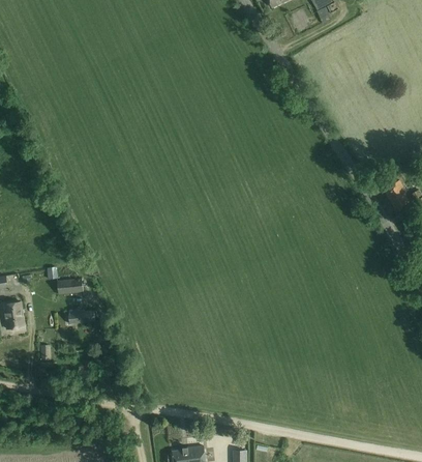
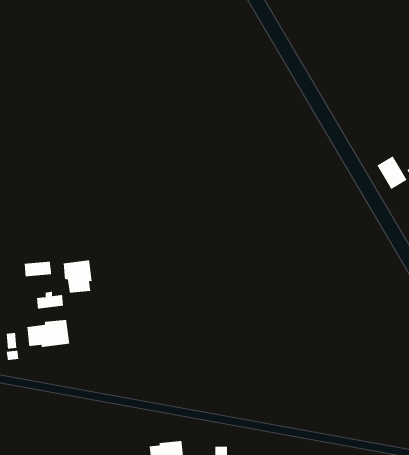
building: none -> [63,260,92,294]
building: none -> [27,319,70,348]

